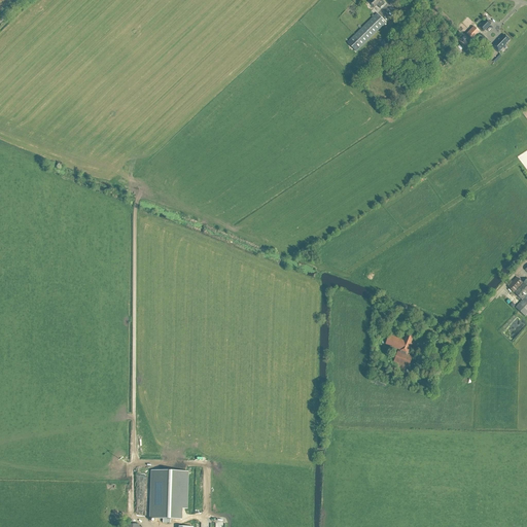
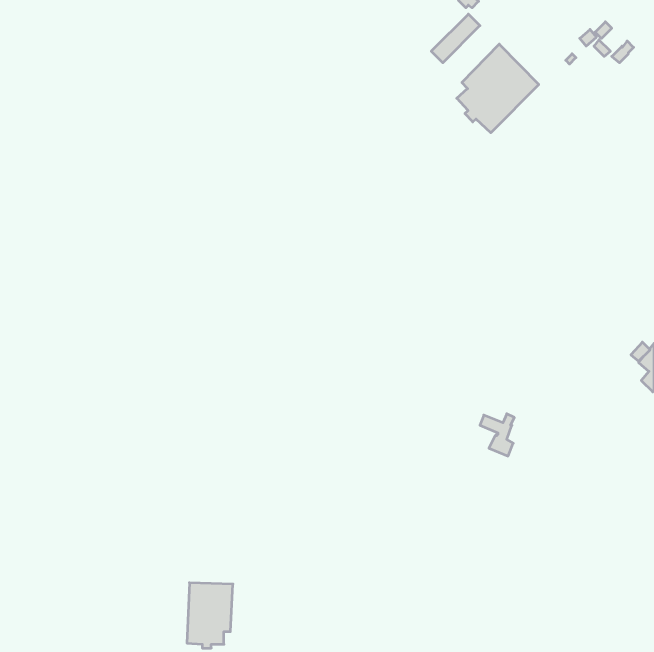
building: none -> [457,44,539,133]

